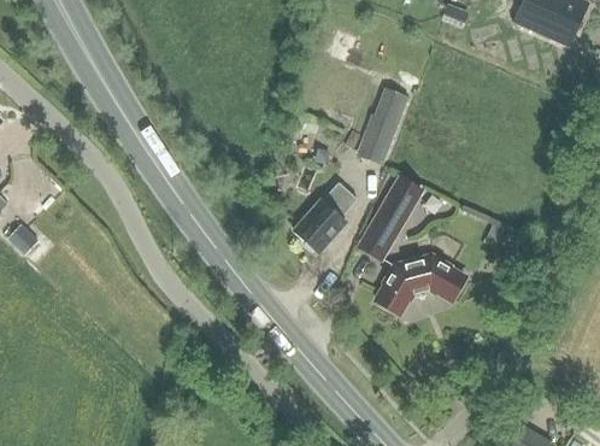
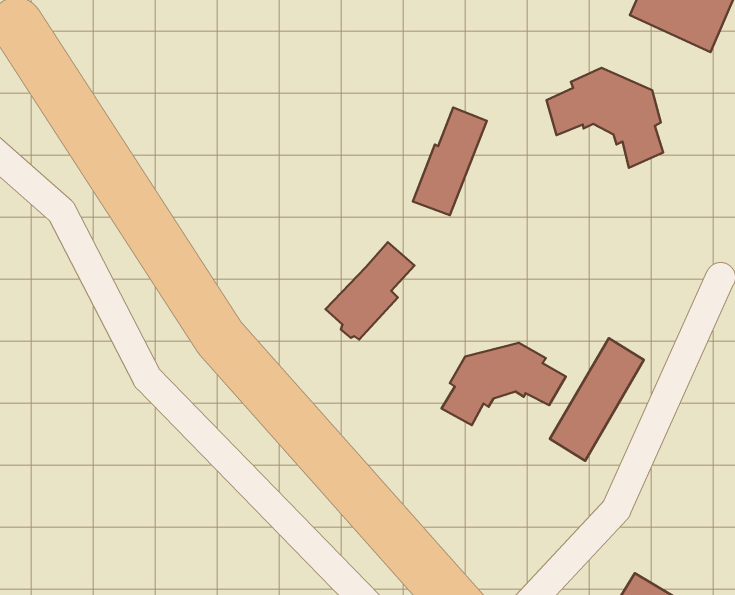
building: none -> [546,68,663,168]
building: [357,174,424,262] -> [550,338,644,461]

